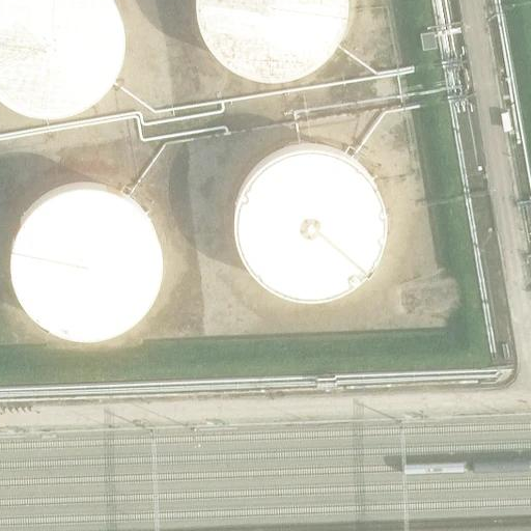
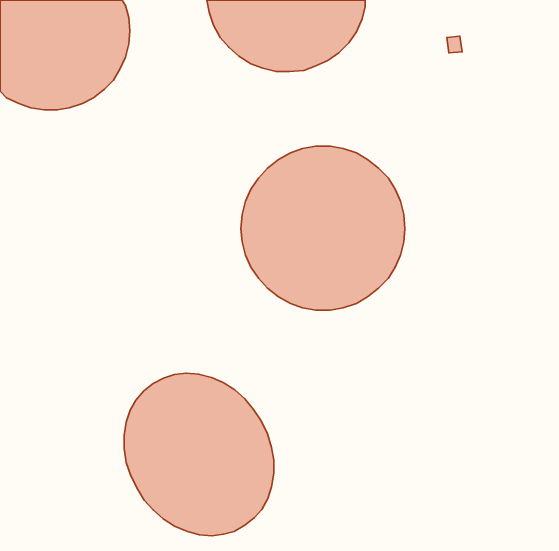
building: [11,188,162,337] -> none
building: none -> [124,373,274,536]

